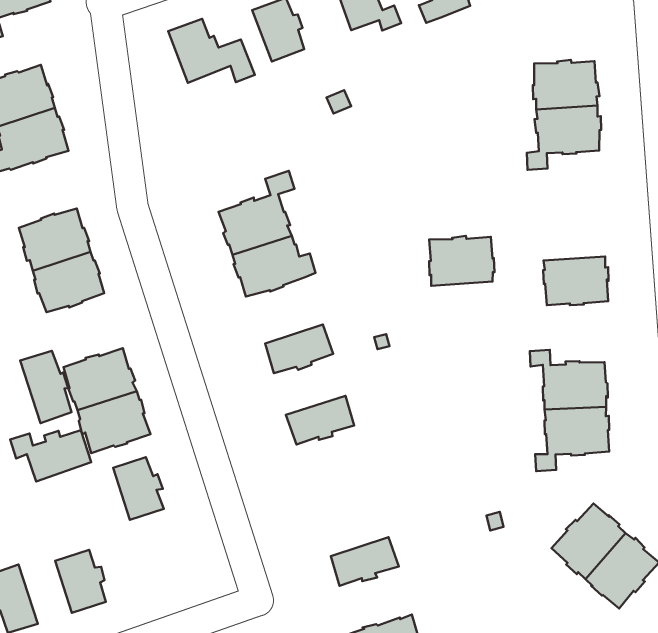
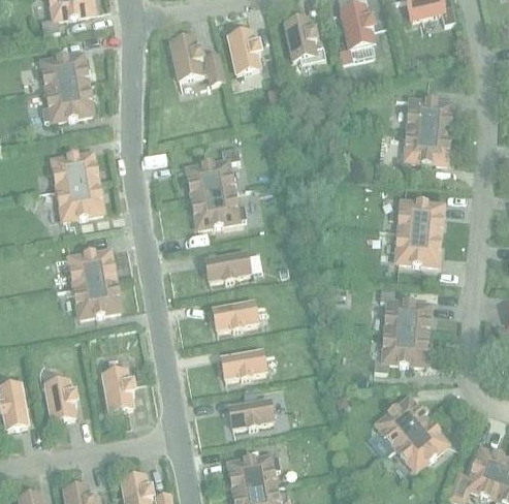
building: [429,236,494,286] -> [397,199,442,233]
building: [20,351,72,423] -> none
building: [10,430,91,481] -> none
building: [113,457,164,520] -> [102,370,133,410]
building: none -> [220,350,264,378]

